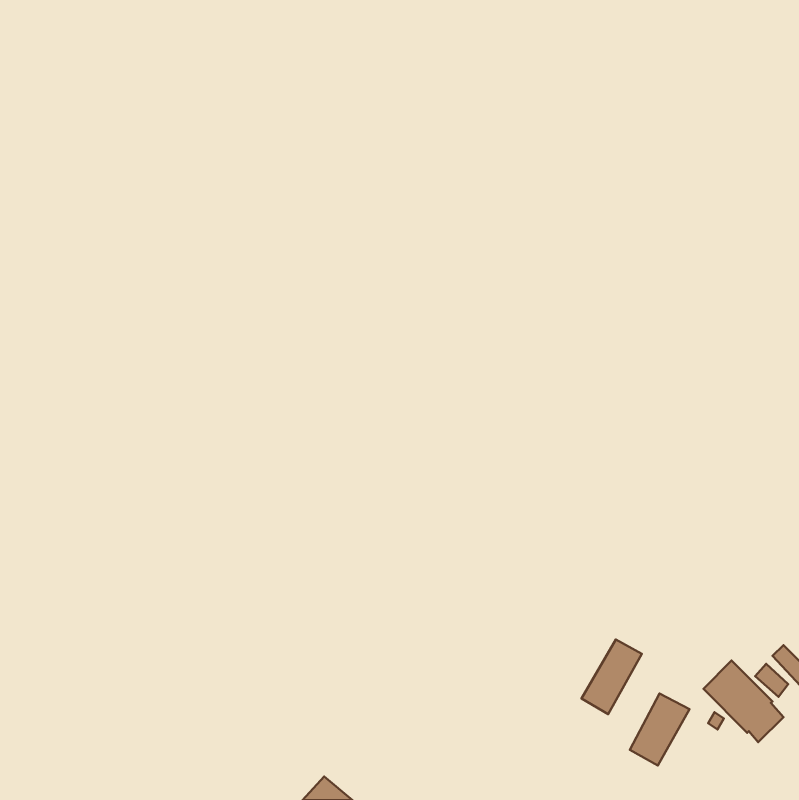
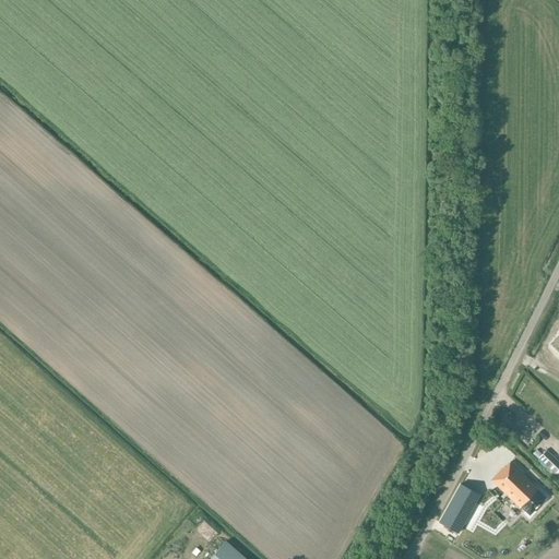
building: [581,639,642,714] -> none

